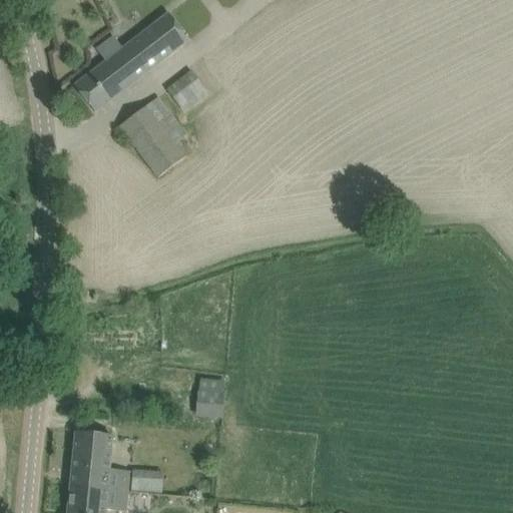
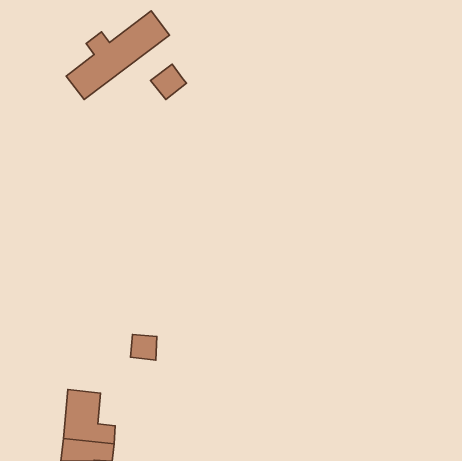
building: [118,96,184,176] -> none
building: [194,391,223,419] -> [131,335,157,360]
building: [131,467,162,490] -> none

